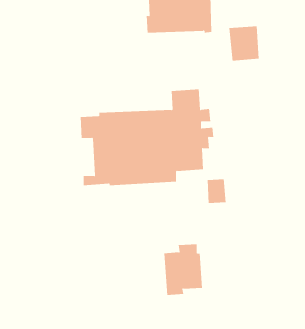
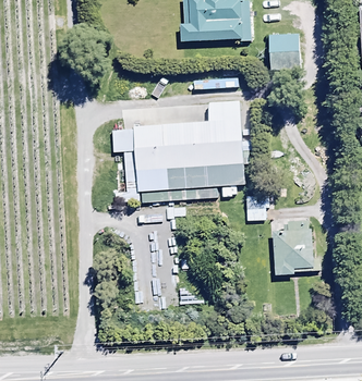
building: [163,244,203,295] -> [272,220,313,274]

